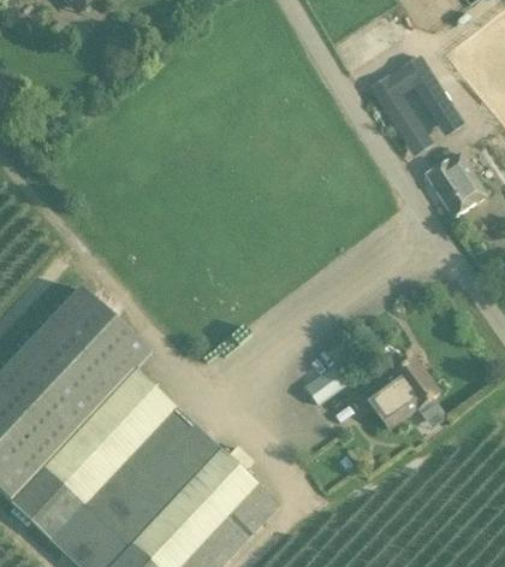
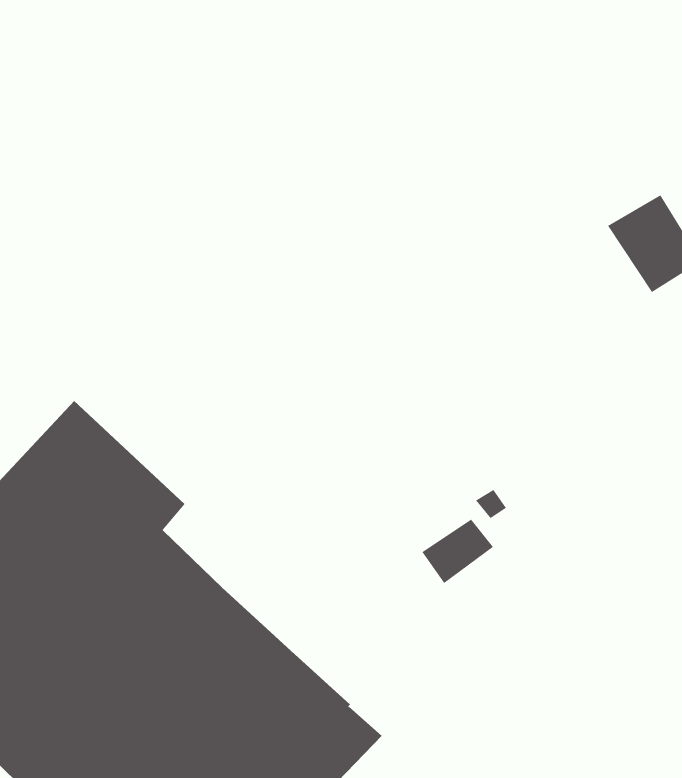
building: [372,58,454,142] -> none
building: [363,356,440,429] -> none

